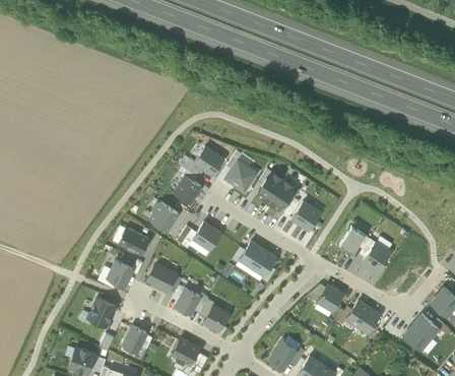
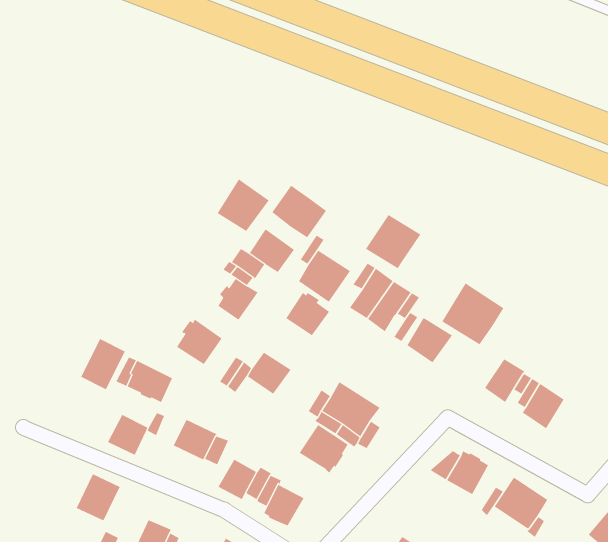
building: none -> [217,178,269,232]
building: none -> [271,185,327,238]
building: none -> [365,214,421,269]
building: none -> [441,283,504,345]
building: none -> [286,292,330,336]
building: none -> [80,338,126,390]
building: none -> [299,424,348,473]

